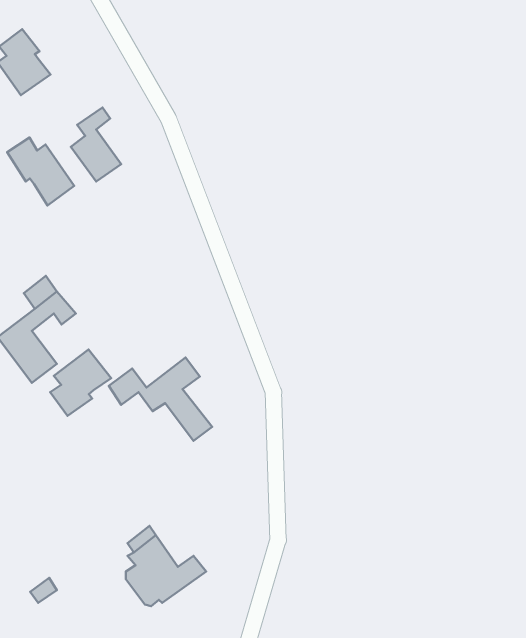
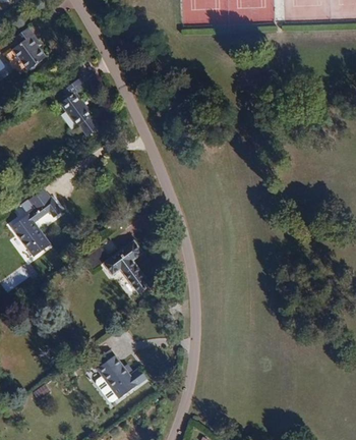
building: [7,138,74,205] -> none
building: [50,349,111,416] -> none

